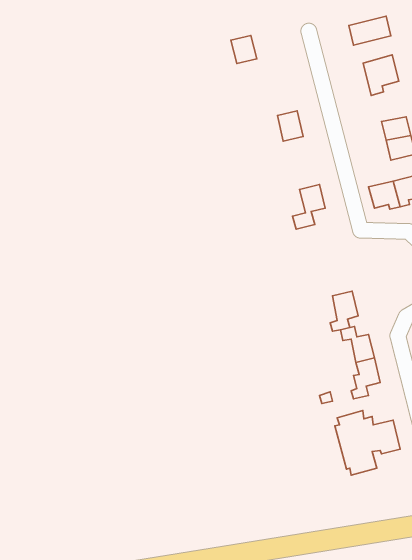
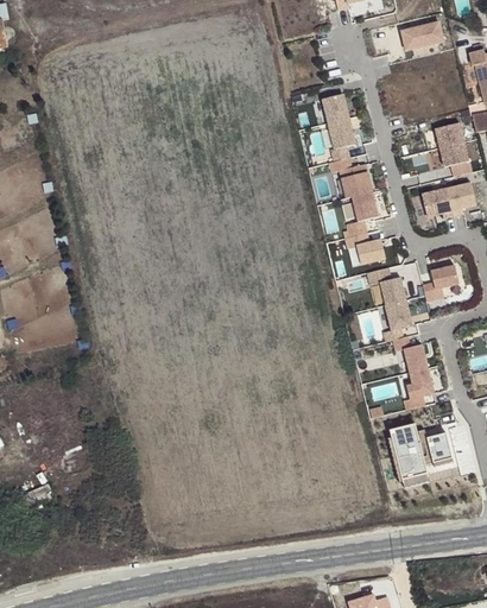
building: [231,35,257,64] -> [323,94,349,122]
building: [363,55,399,95] -> none
building: none -> [329,158,372,198]
building: none -> [344,233,385,264]
building: none -> [423,265,458,300]
building: none -> [366,267,405,305]

